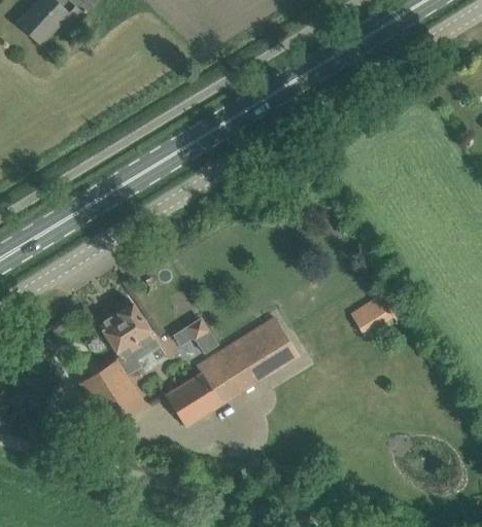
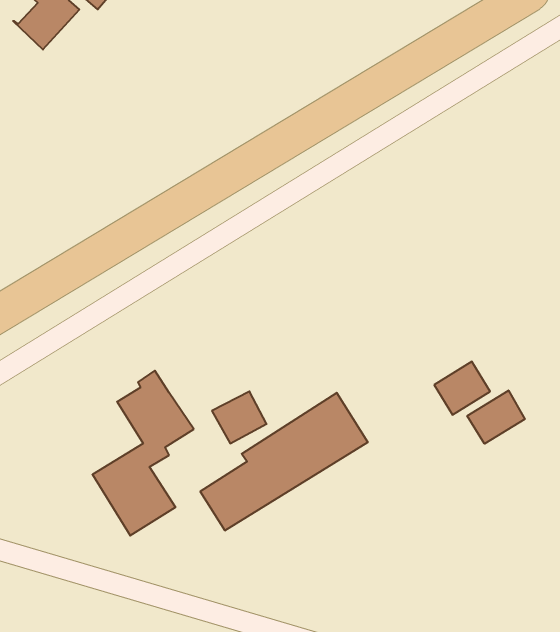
building: none -> [467,390,525,444]

